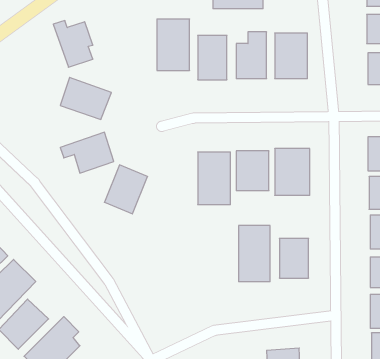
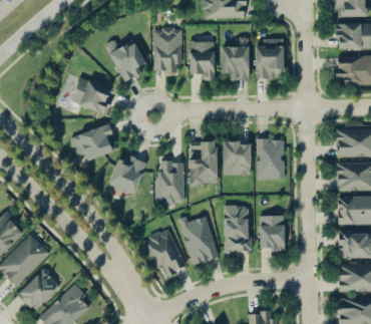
building: [53,21,93,67] -> [108,41,142,81]
building: none -> [156,160,184,205]
building: none -> [178,216,220,265]
building: none -> [142,228,188,279]

